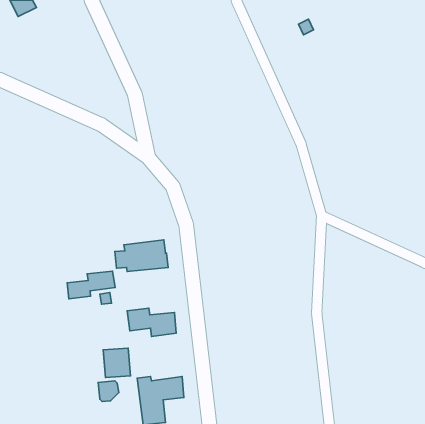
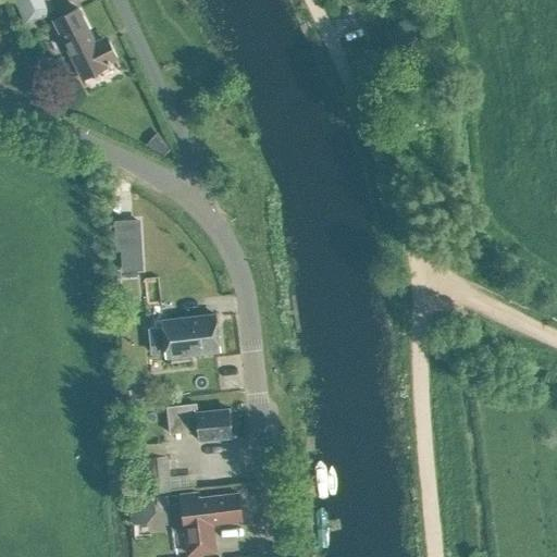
building: none -> [53,10,115,77]
building: none -> [113,221,143,273]
building: [67,271,115,299] -> none

